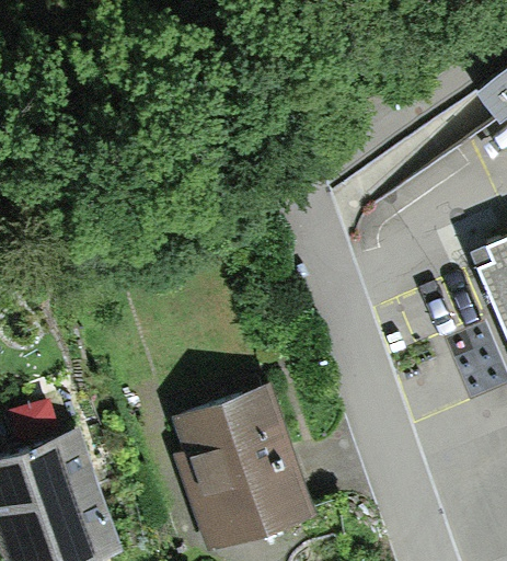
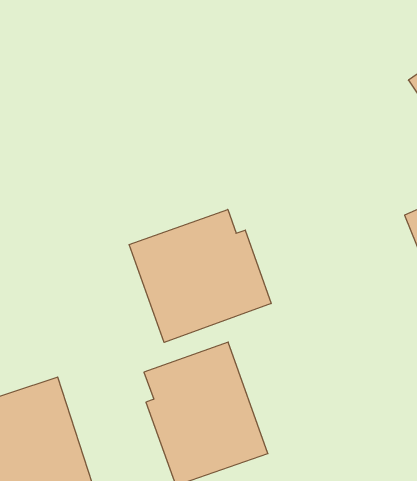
building: none -> [129,209,271,342]

